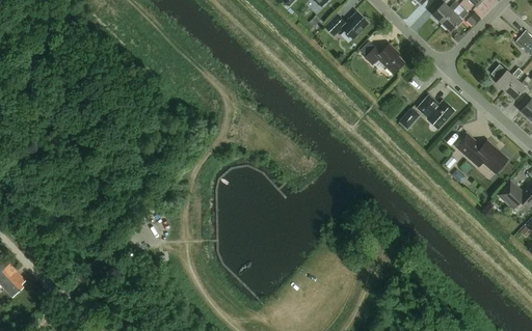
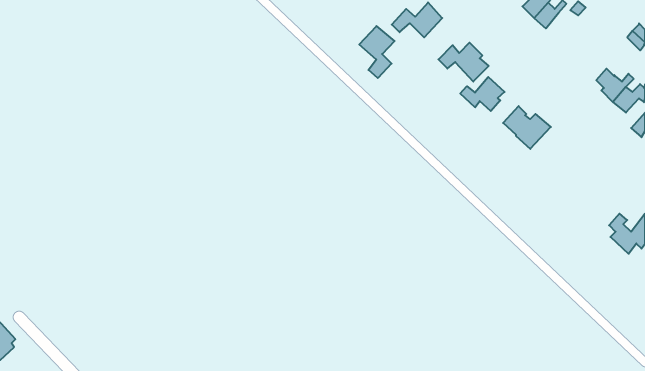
building: none -> [359,26,395,78]
building: none -> [460,77,505,111]
building: [454,133,508,173] -> none

